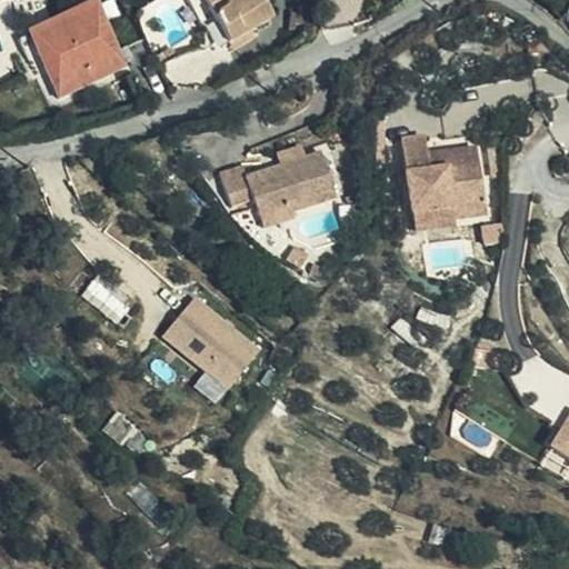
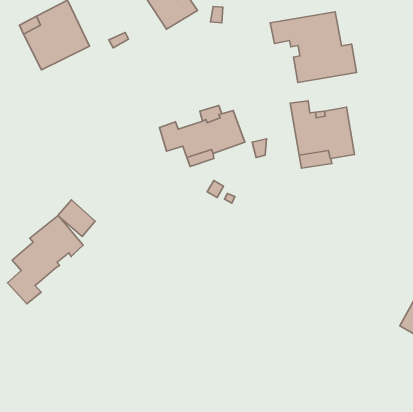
building: none -> [270,12,357,83]
building: none -> [8,216,83,304]
building: [162,297,259,389] -> none

